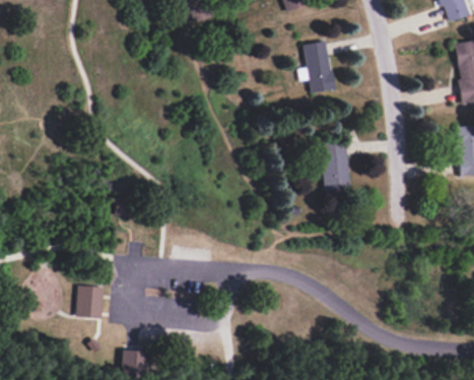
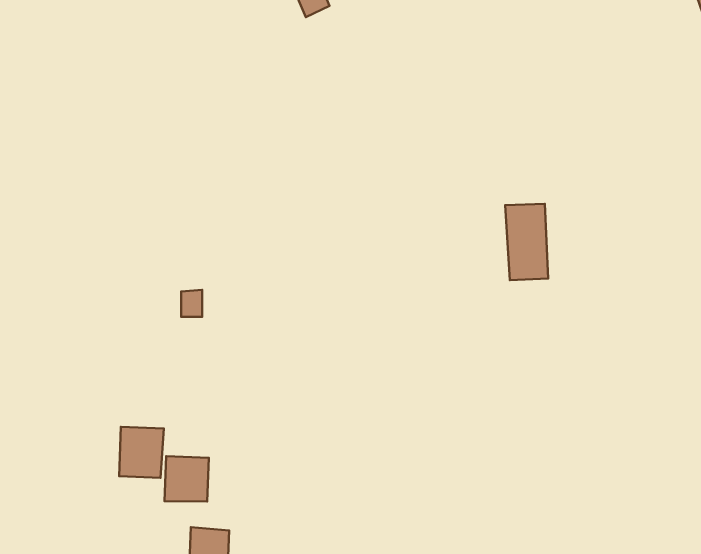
building: [302,41,334,93] -> none
building: none -> [165,456,209,501]

